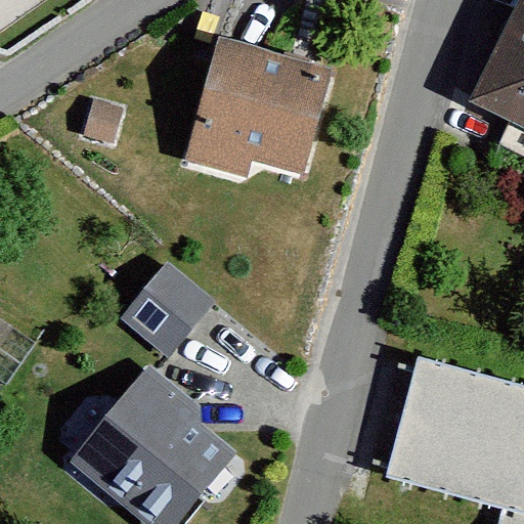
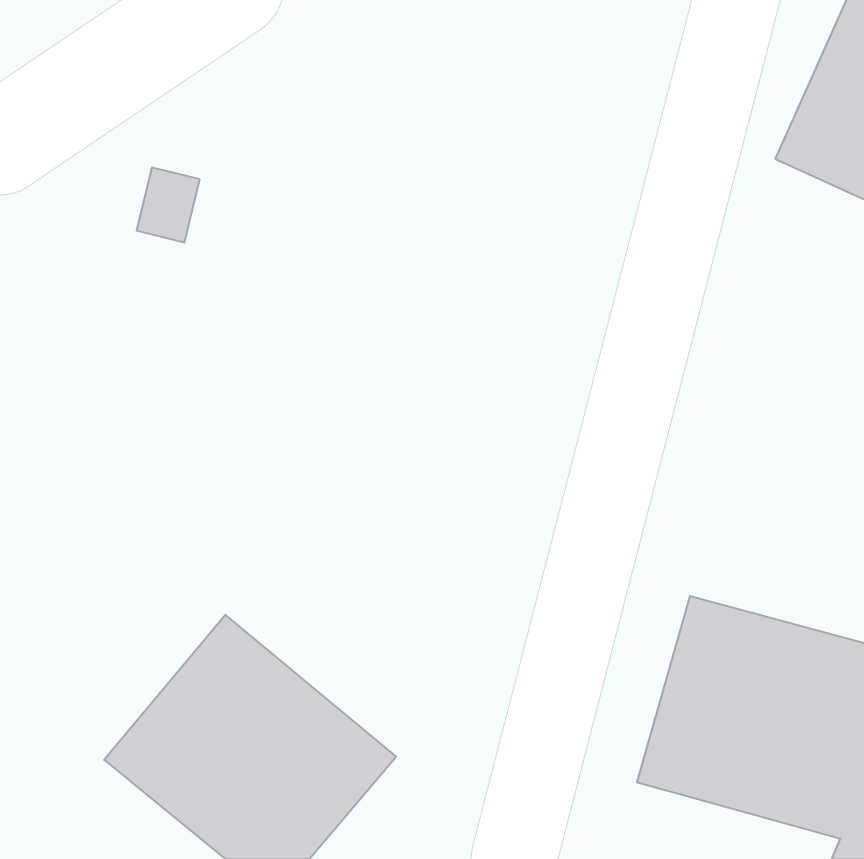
building: [182,48,328,181] -> none
building: [124,262,221,360] -> none

